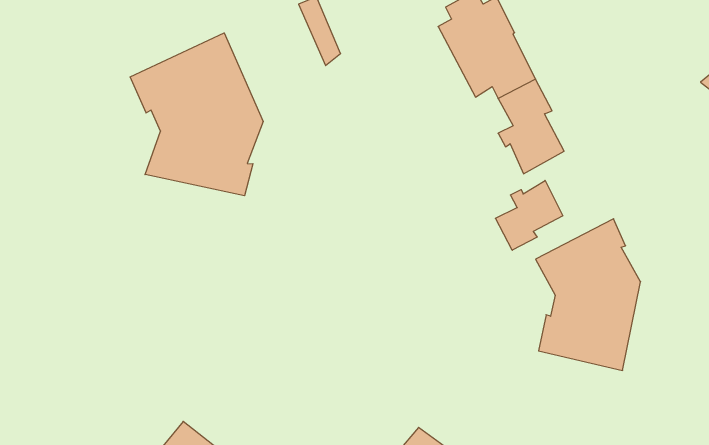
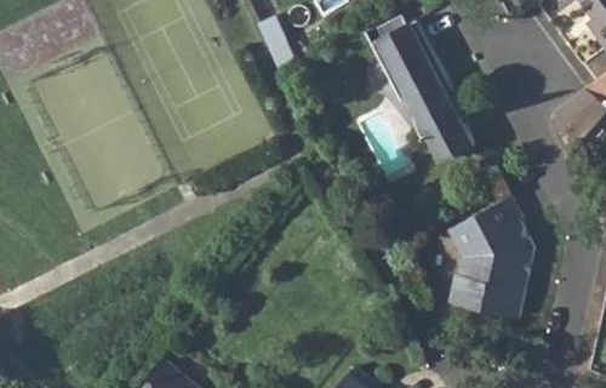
building: [130,33,263,196] -> none
building: [495,180,563,250] -> none

